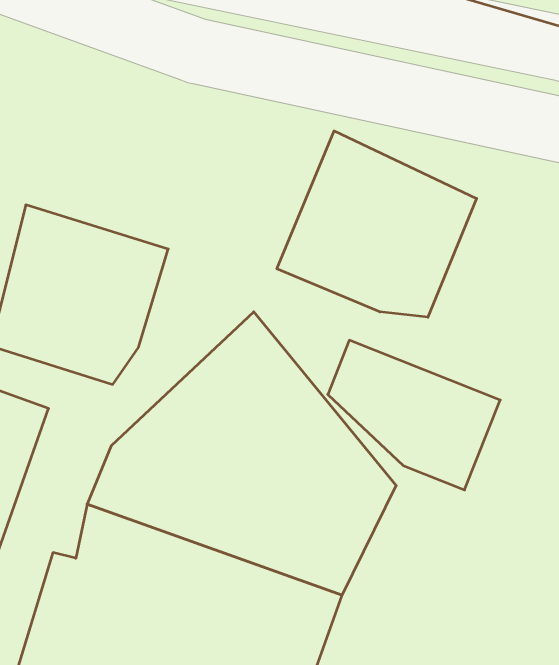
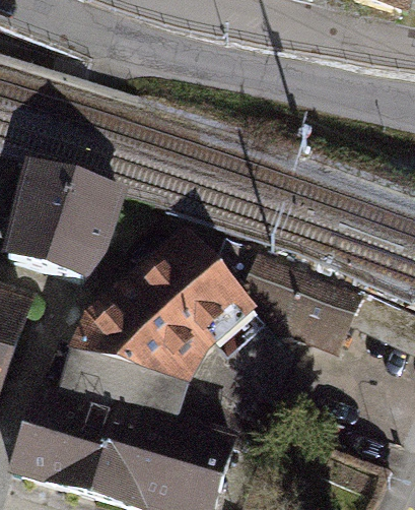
building: [277,131,477,317] -> none

